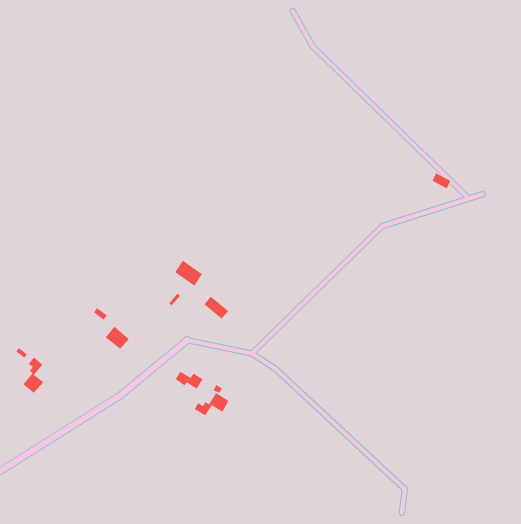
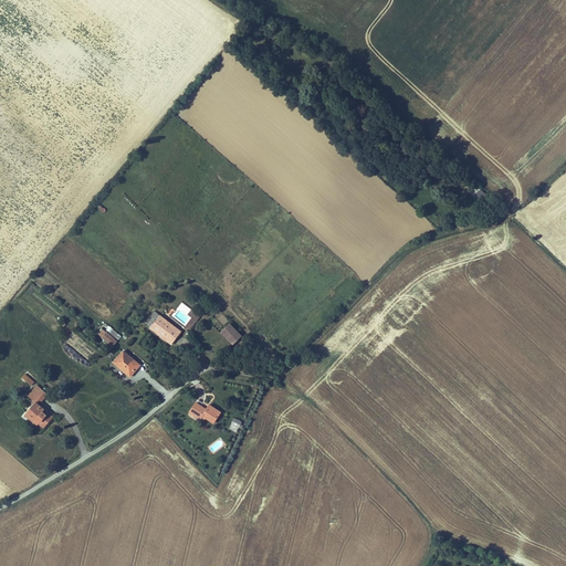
building: [174,260,203,286] -> [148,317,179,346]
building: [194,392,229,416] -> none

